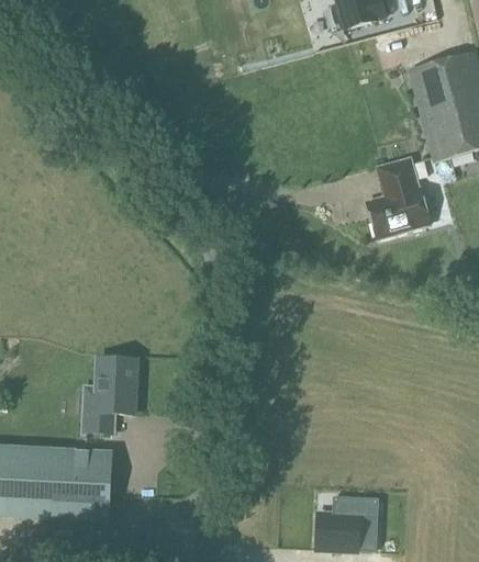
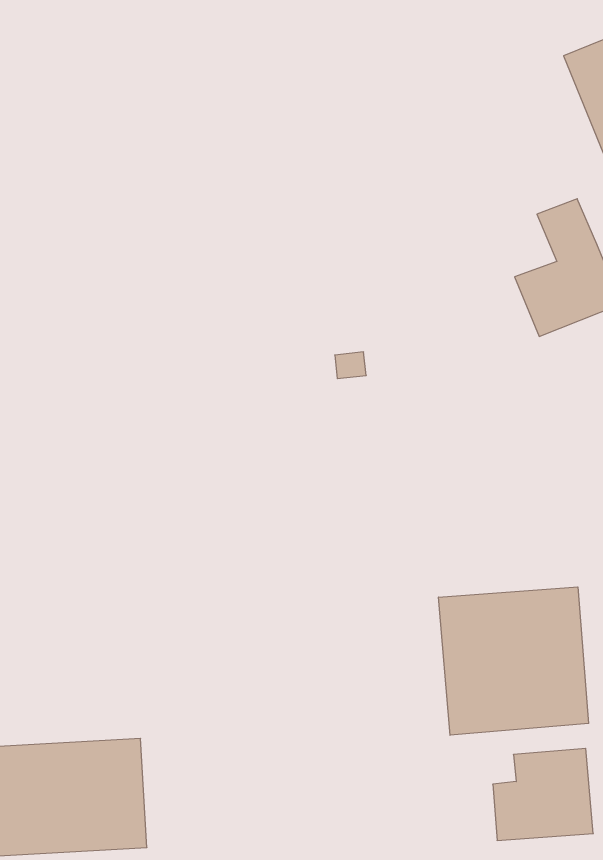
building: [83,357,135,431] -> none
building: none -> [439,587,589,735]

